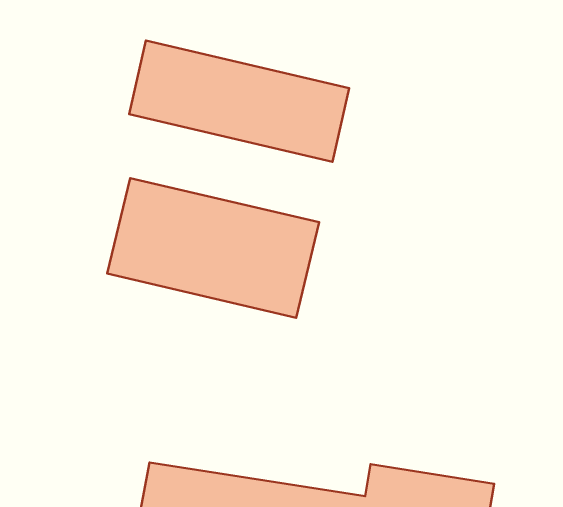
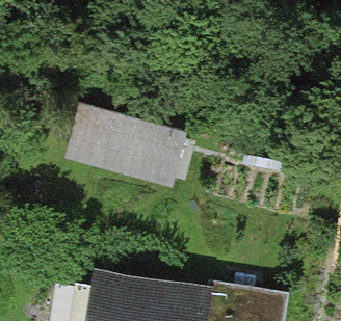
building: [129,41,349,162] -> none

